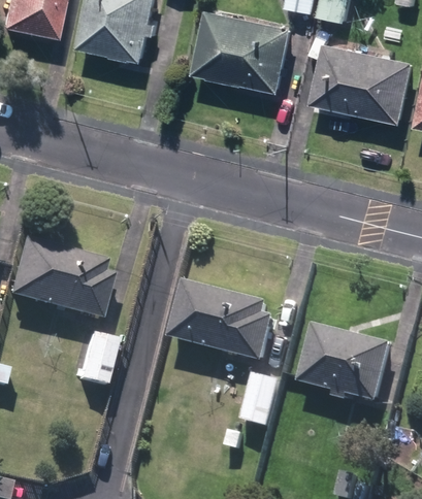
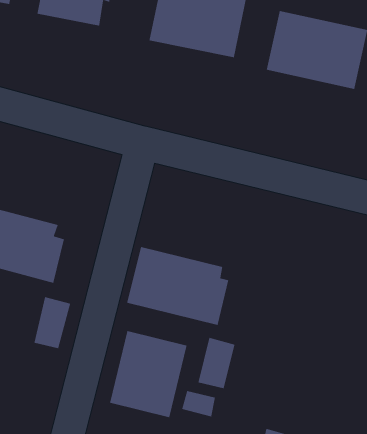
building: [299,325,391,402] -> none
building: none -> [109,330,188,418]

